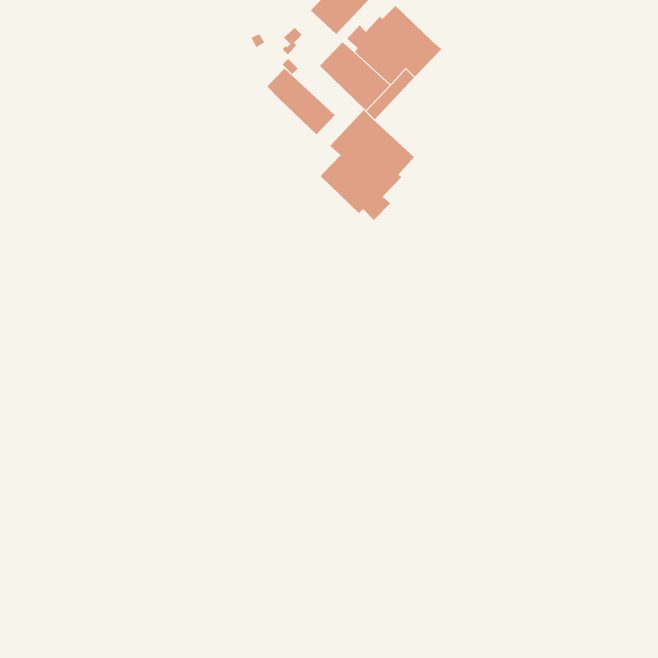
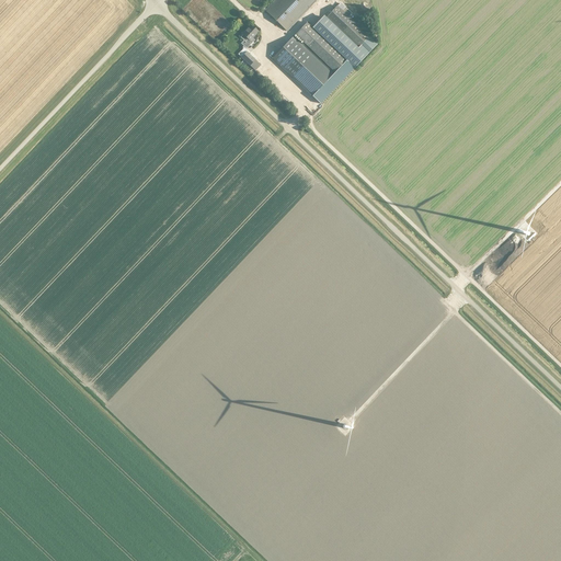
building: [266,68,335,135] -> none
building: [320,109,415,221] -> none

